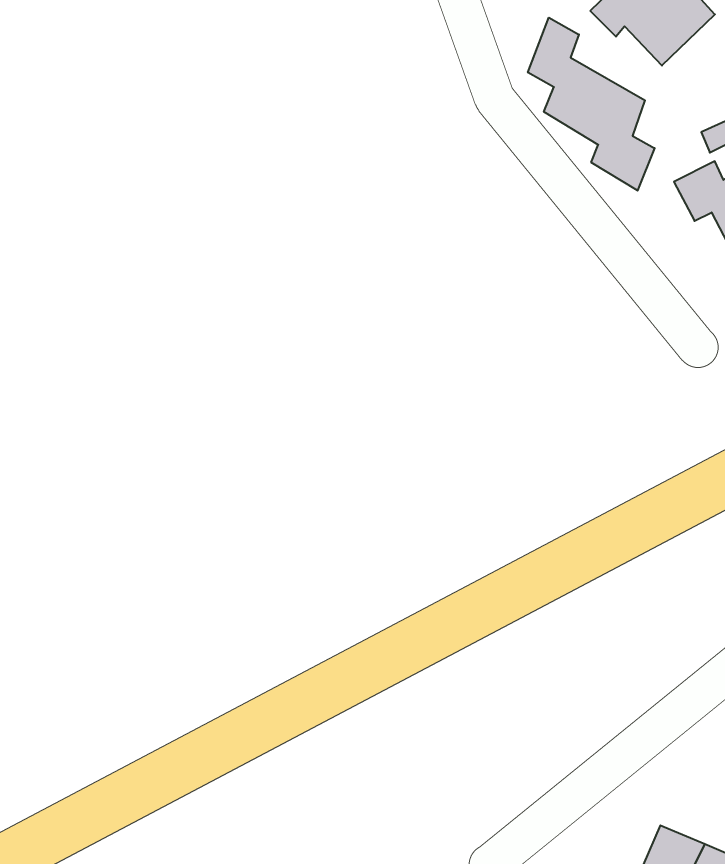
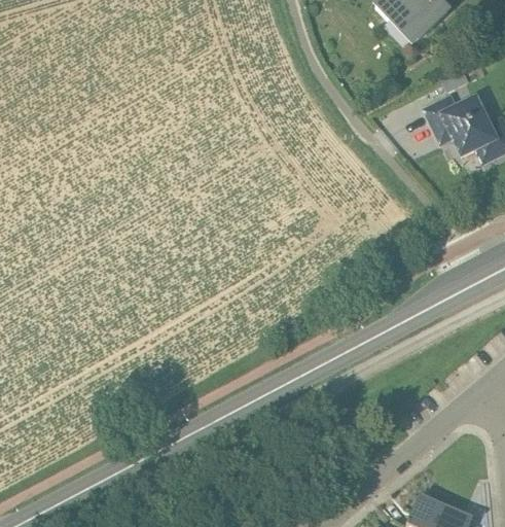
building: [528,18,655,191] -> none

